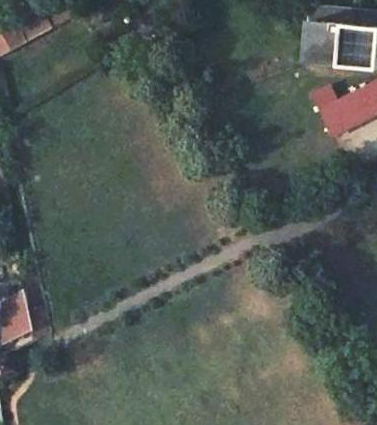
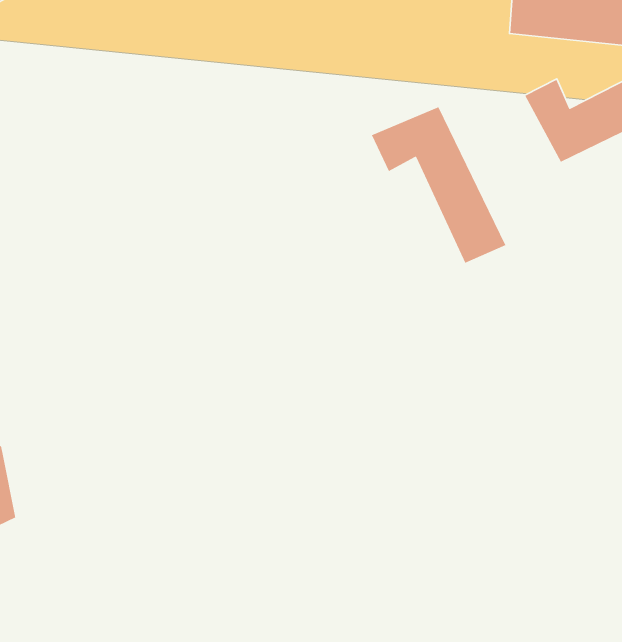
building: none -> [371,106,506,264]

